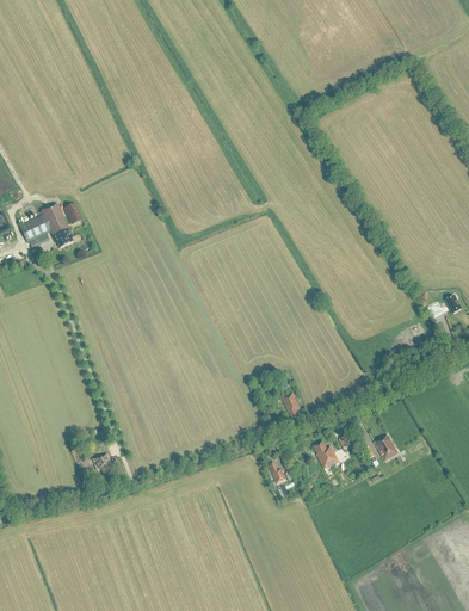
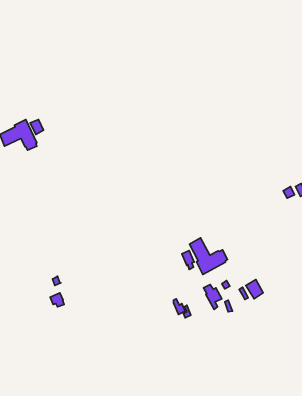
building: none -> [189,238,228,274]

